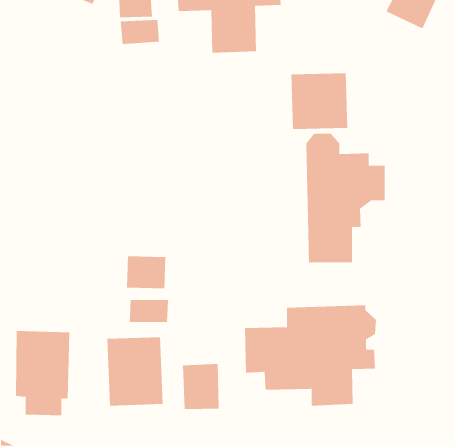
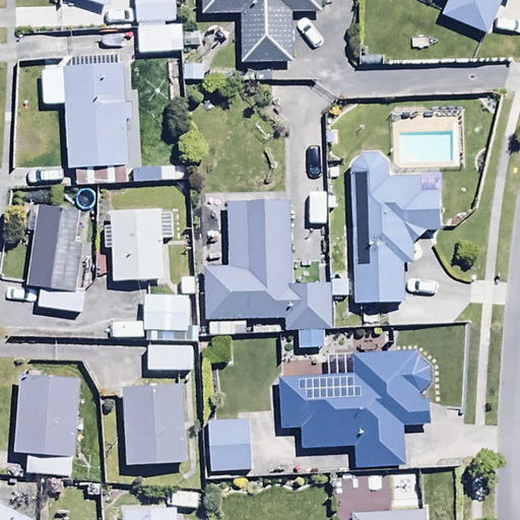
building: none -> [43,53,134,183]
building: [291,72,348,130] -> none
building: none -> [206,201,329,346]
building: none -> [27,202,85,311]
building: none -> [104,206,173,279]

